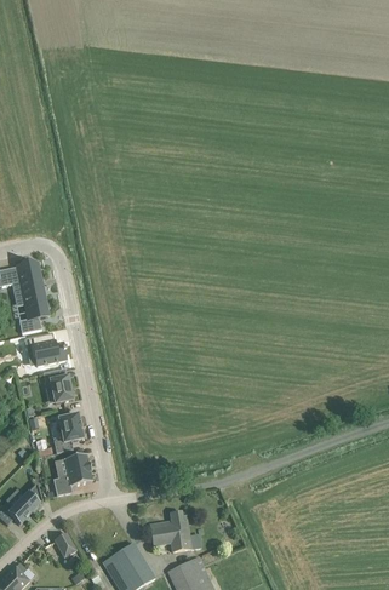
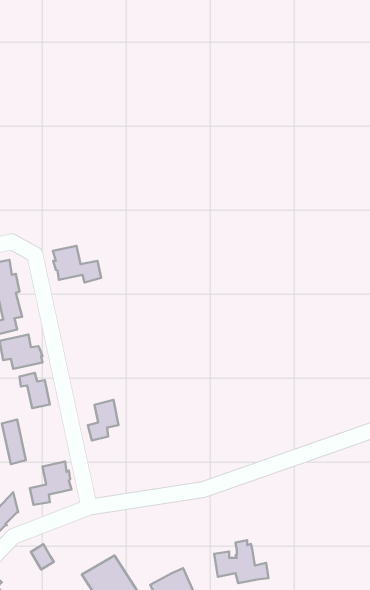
building: none -> [53,246,101,283]
building: [52,413,81,452] -> [88,400,118,440]
building: [149,510,201,551] -> [214,540,269,583]

